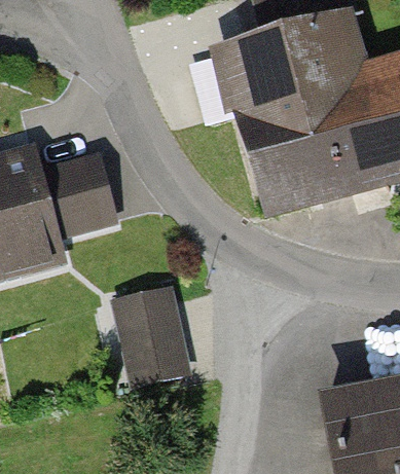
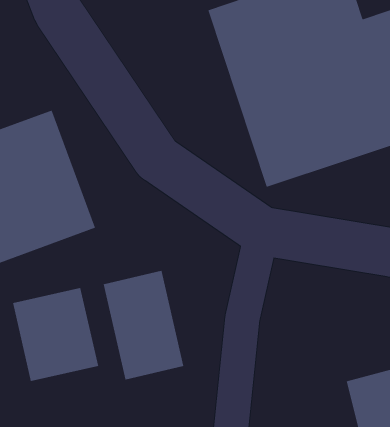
building: none -> [12,287,99,382]

